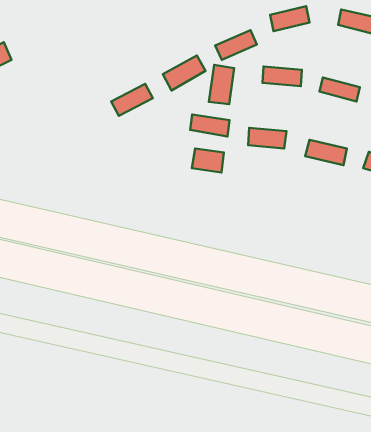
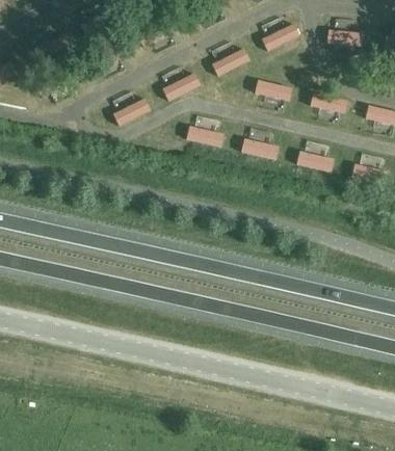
building: [209,65,234,104] -> none
building: [192,149,224,173] -> none

